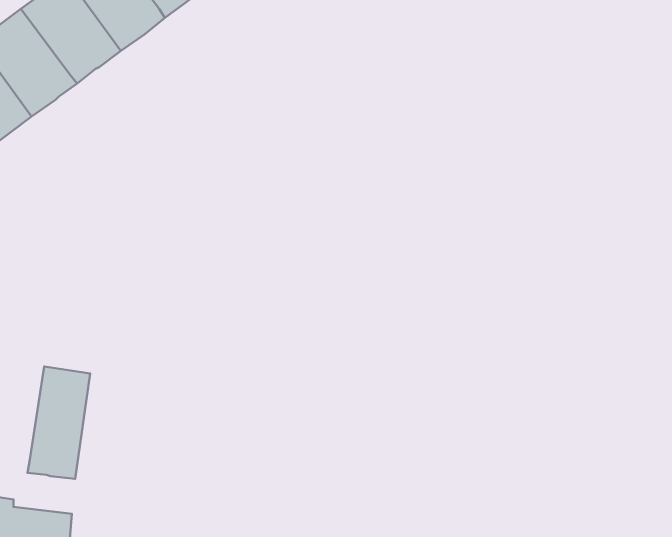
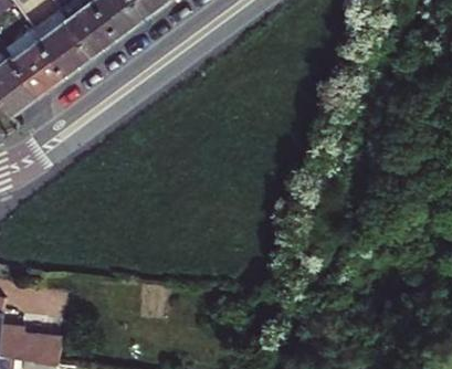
building: [27,366,90,479] -> none

